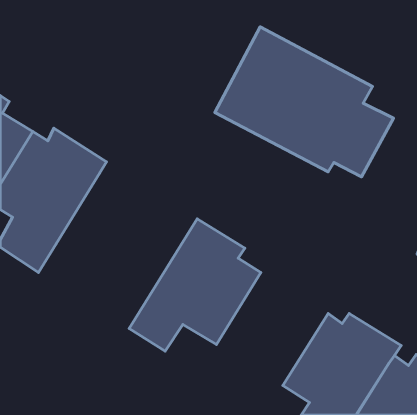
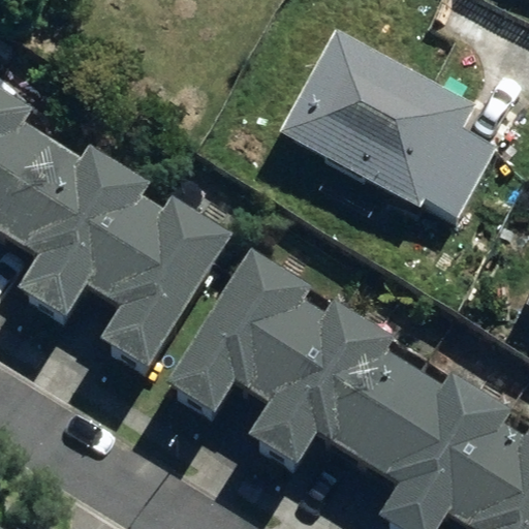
building: none -> [84,211,229,385]
building: none -> [259,323,418,481]

